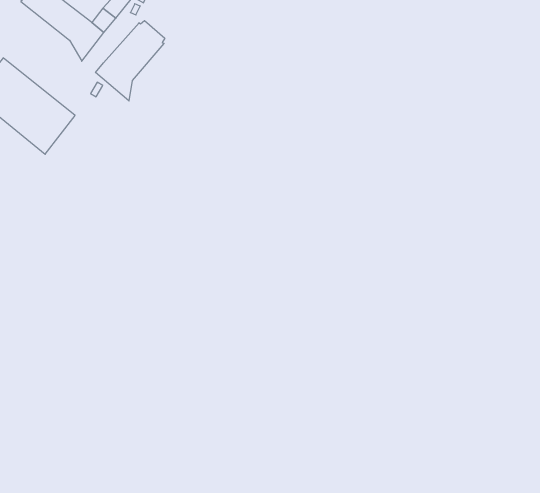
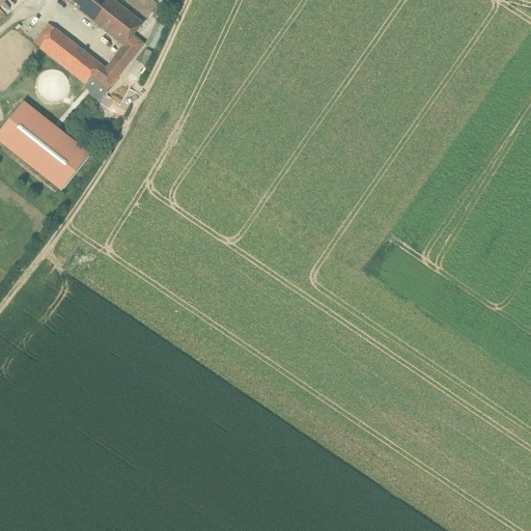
building: [96,21,165,101] -> none

